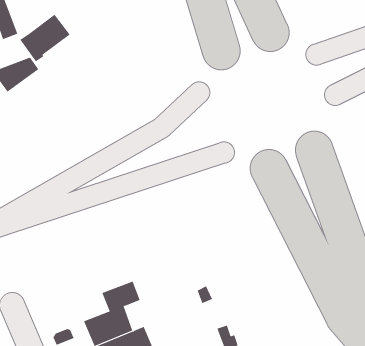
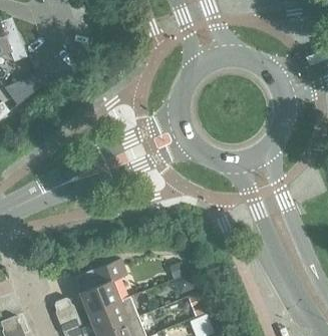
building: [19,14,70,62] -> none

